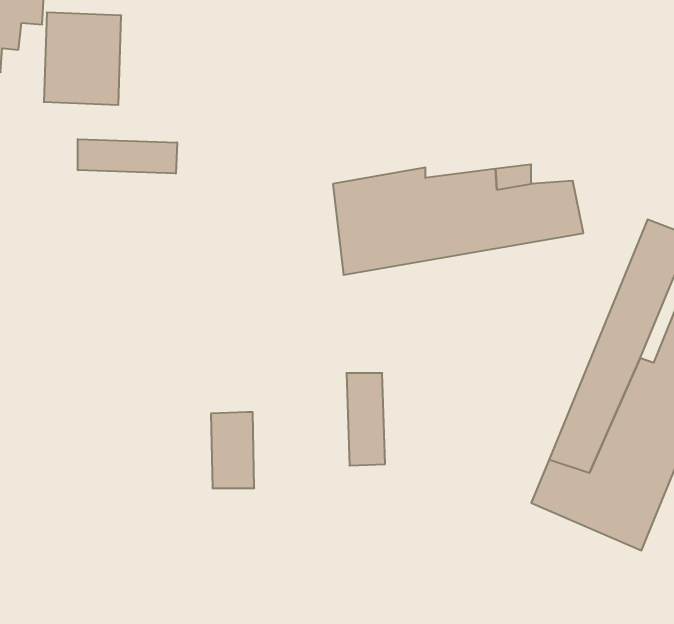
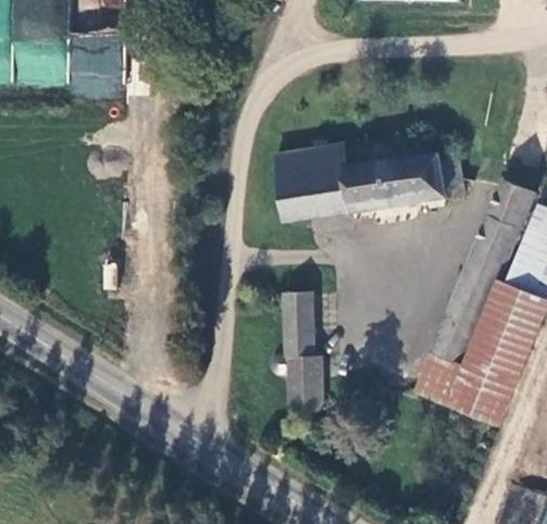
building: [78,139,177,174] -> none
building: [211,412,254,488] -> [288,362,320,417]

